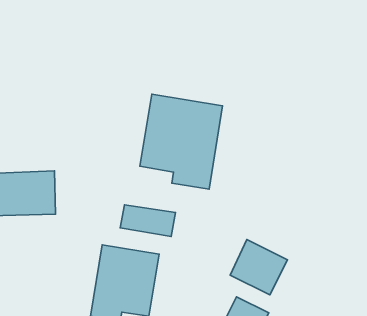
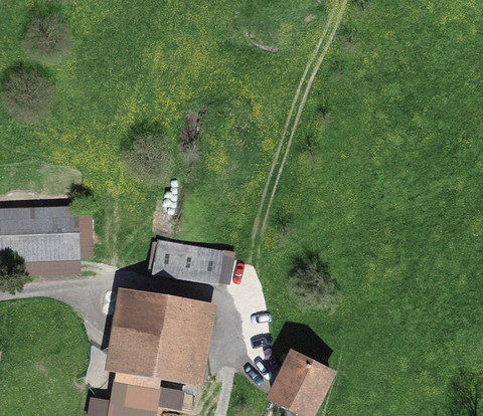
building: [140,94,223,189] -> none
building: [230,240,287,295] -> none

